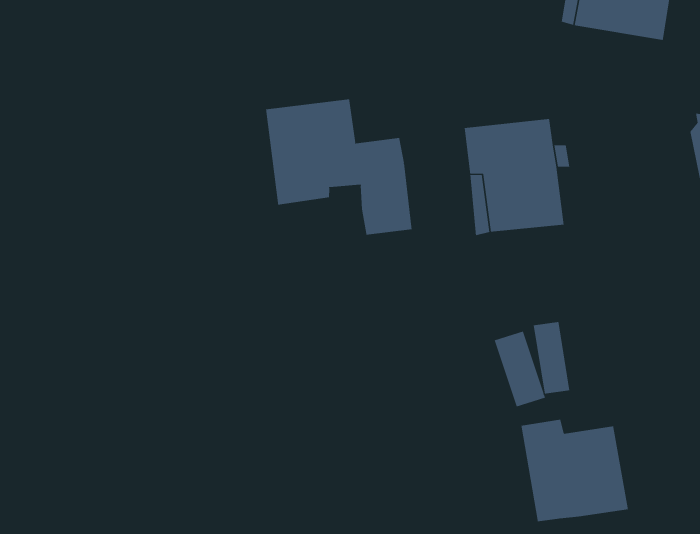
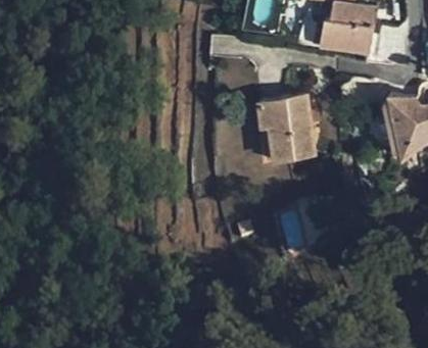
building: [266,99,412,236] -> none
building: [521,419,629,522] -> none

